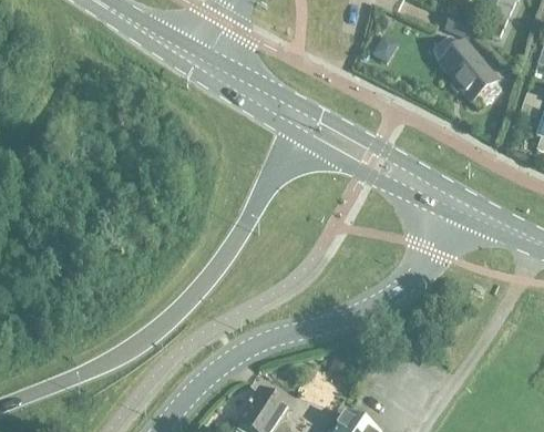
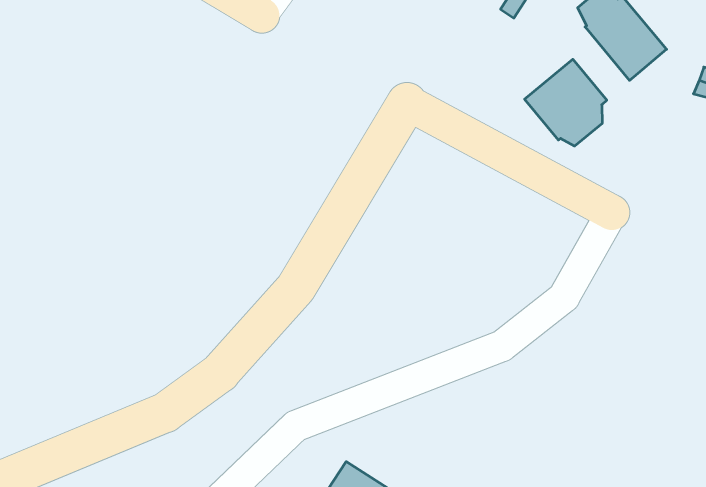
building: none -> [525,59,607,146]

